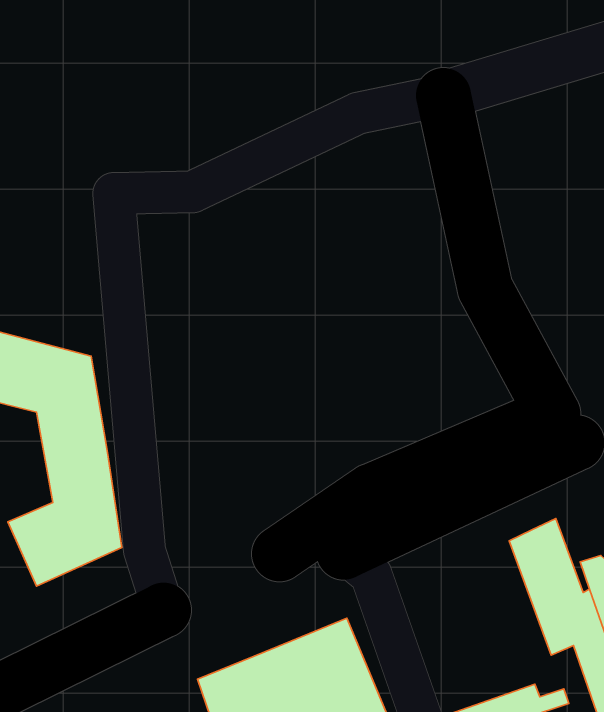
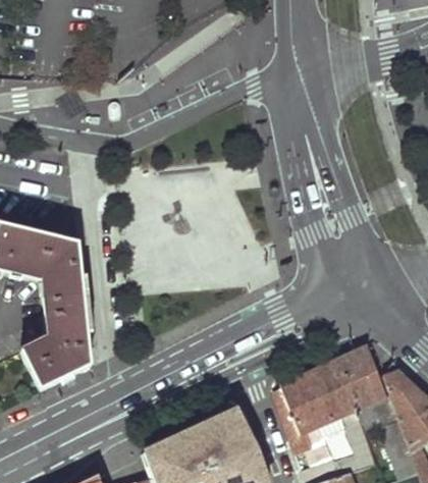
building: none -> [273,360,366,450]

